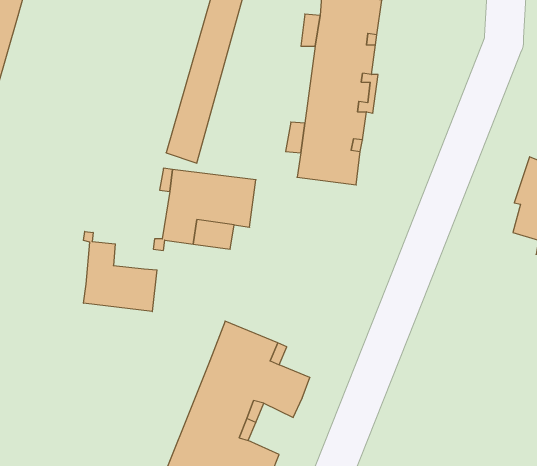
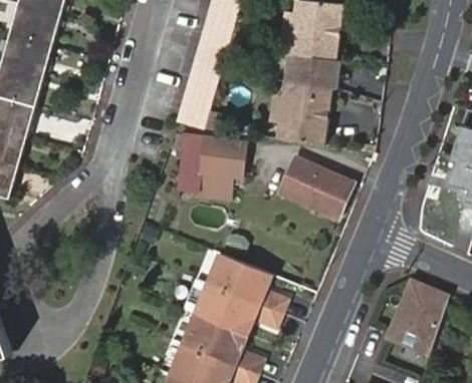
building: none -> [280,161,351,218]
building: [84,231,157,312] -> none
building: none -> [387,279,450,354]

